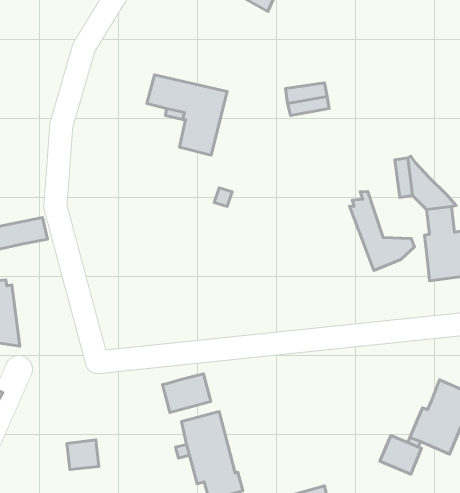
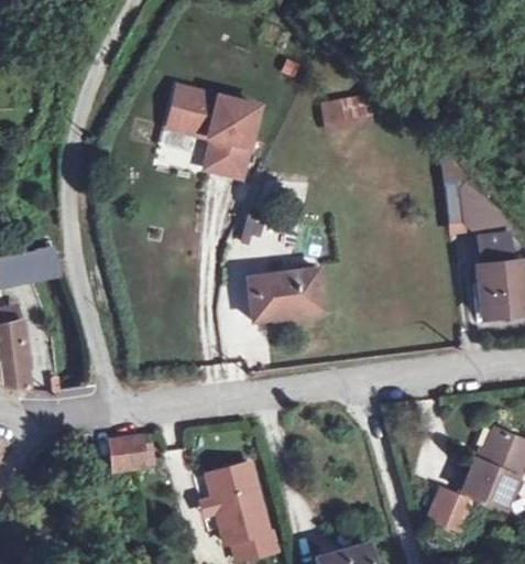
building: [349,191,414,271] -> none
building: none -> [247,268,322,319]
building: [162,374,211,412] -> none
building: [67,440,99,469] -> [109,435,144,468]

